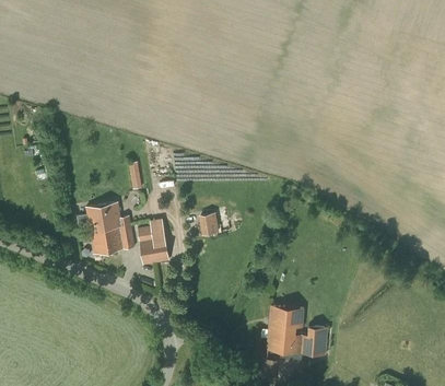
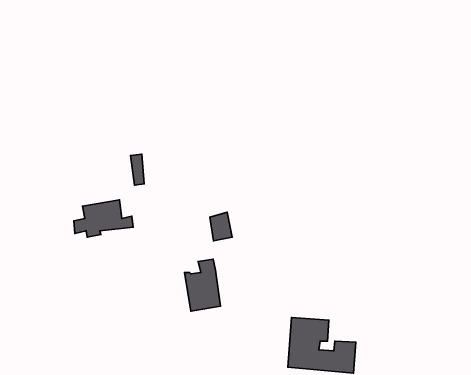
building: [137,220,168,266] -> [185,259,221,311]
building: [90,226,133,255] -> none

